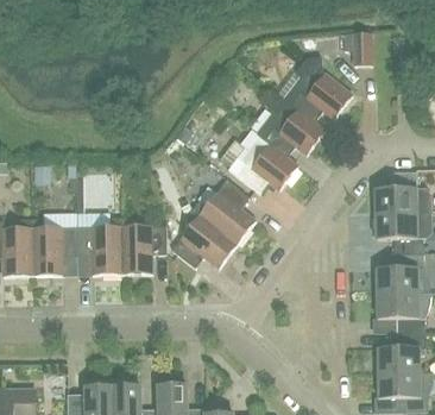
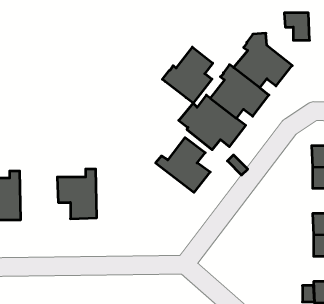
building: none -> [162,47,213,103]
building: [171,209,237,269] -> none
building: [32,213,77,276] -> none
building: [121,216,166,273] -> none

